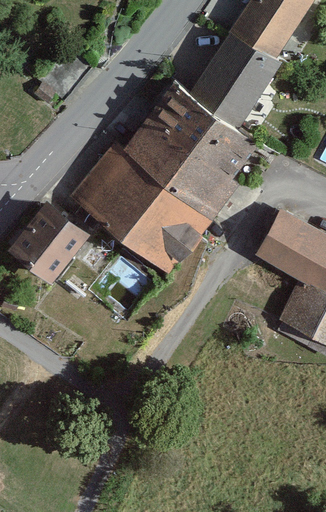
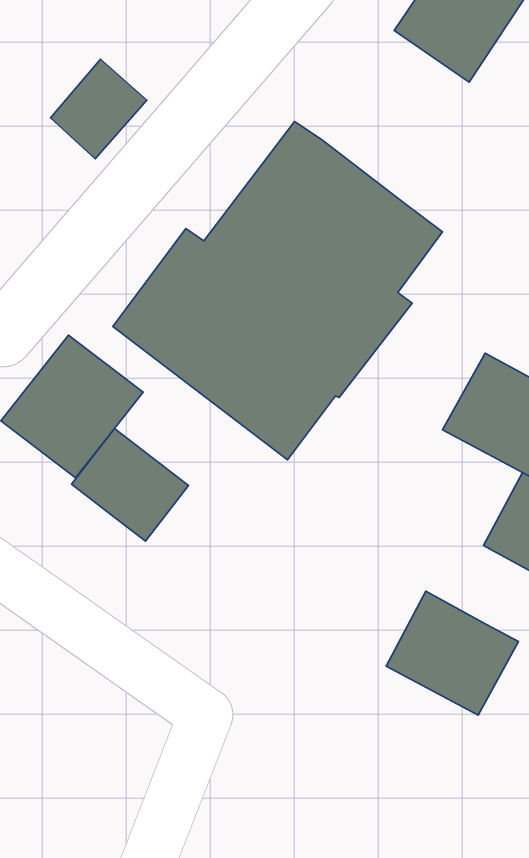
building: [189,31,279,128] -> none
building: none -> [71,429,189,541]
building: none -> [386,591,518,715]

